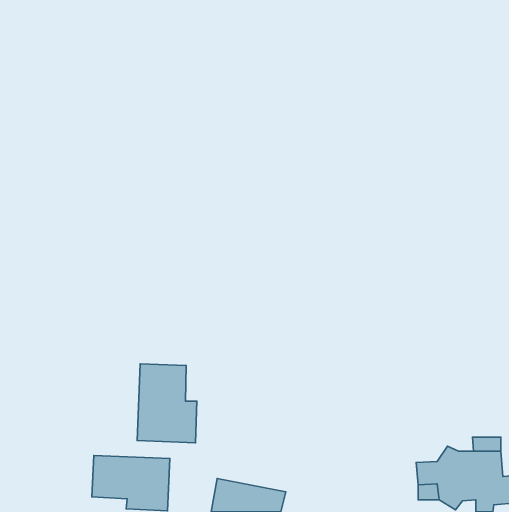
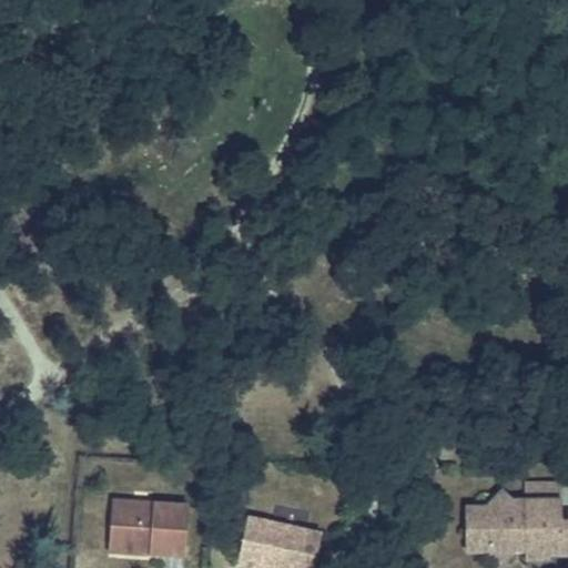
building: [137,364,197,443] -> none

